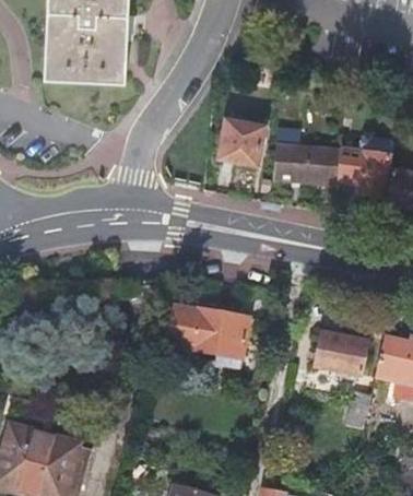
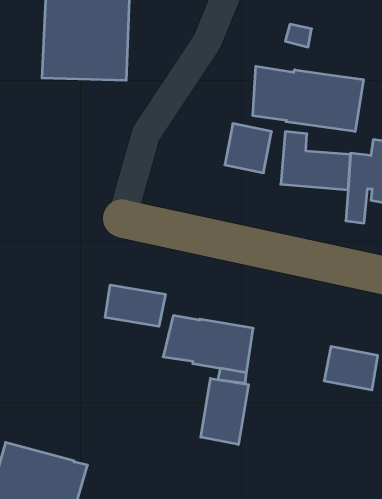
building: none -> [253,66,363,132]
building: none -> [105,285,165,326]
building: none -> [201,378,249,445]

